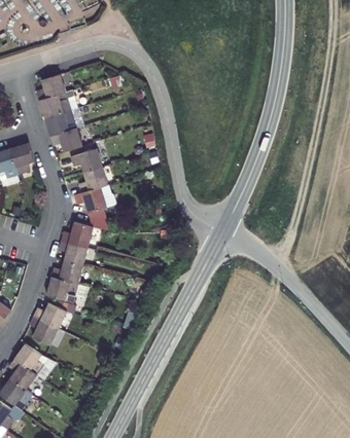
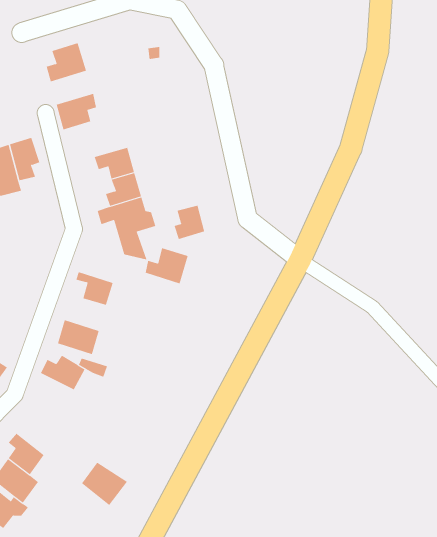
building: [40,93,76,119] -> none
building: [49,130,82,153] -> none
building: none -> [174,205,205,240]
building: [61,222,93,249] -> [145,247,188,284]
building: [50,260,81,284] -> none
building: [29,315,58,342] -> none
building: [15,342,49,374] -> [81,462,128,506]

